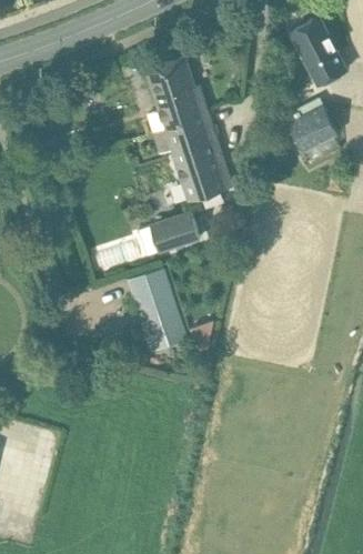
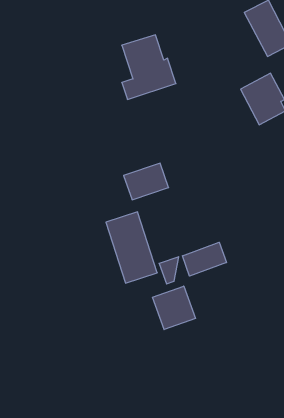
building: [153,117,234,202] -> none
building: none -> [182,242,226,276]
building: none -> [152,286,196,330]

